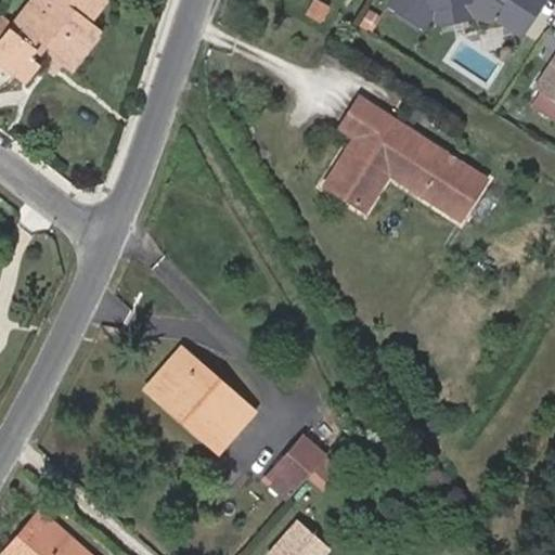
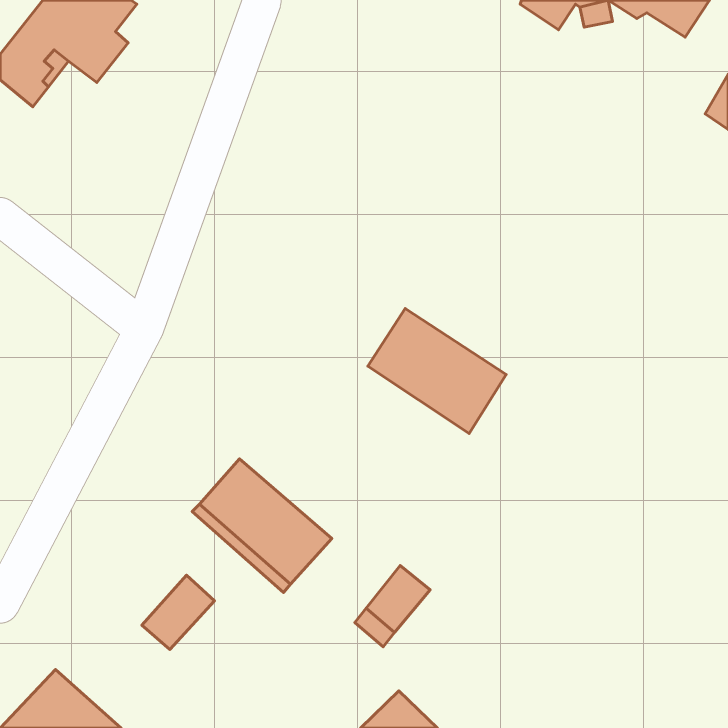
building: [325,98,482,218] -> none
building: none -> [368,309,506,434]
building: none -> [142,575,214,650]

